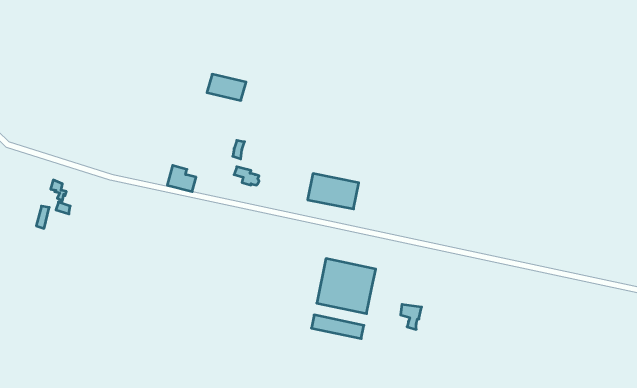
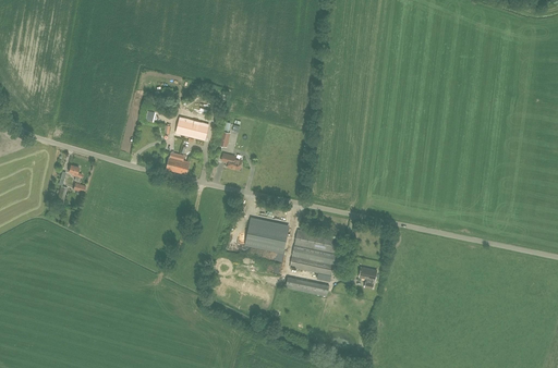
building: [207,74,246,100] -> [175,116,208,138]
building: [308,174,359,209] -> [244,222,287,252]

